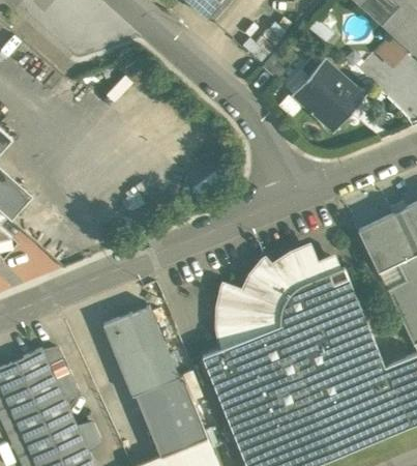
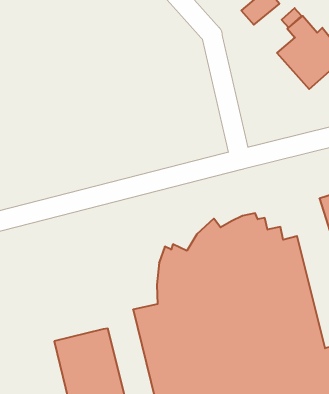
building: [103,307,178,397] -> none

